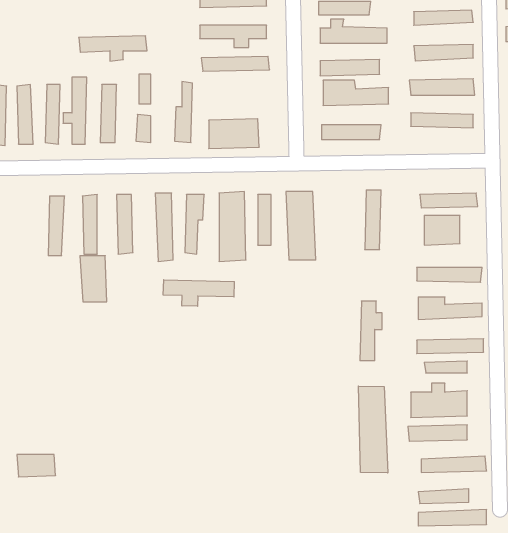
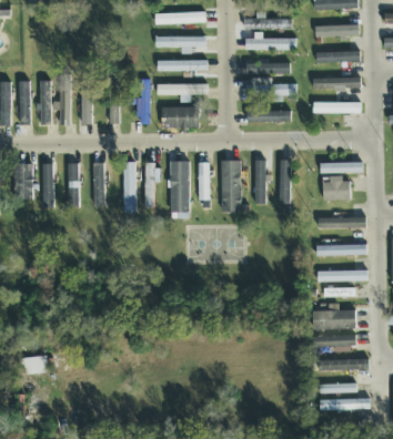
building: [79,36,147,61] -> [157,82,208,101]
building: [80,256,107,302] -> [13,163,33,197]
building: [163,280,234,306] -> none
building: [360,301,382,361] -> [254,159,271,203]
building: [358,386,388,473] -> none

